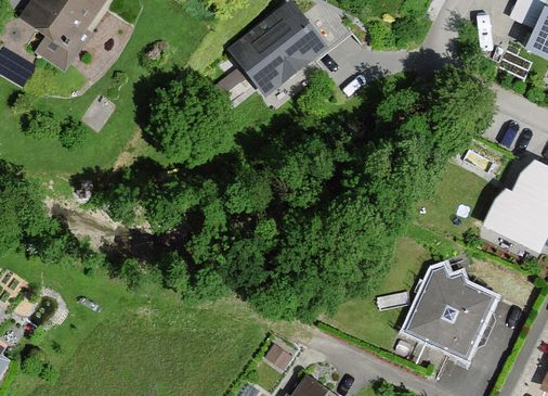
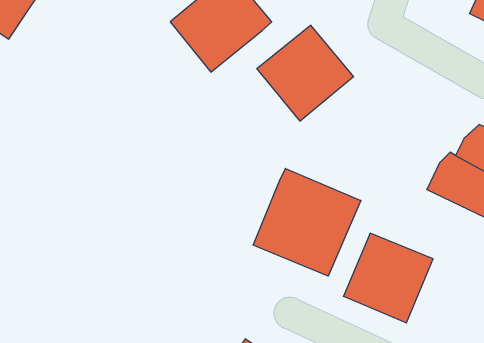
building: none -> [257,25,354,121]
building: none -> [253,168,361,276]

